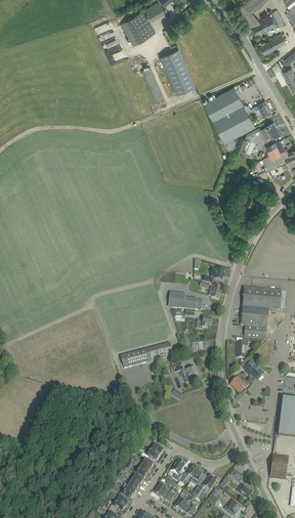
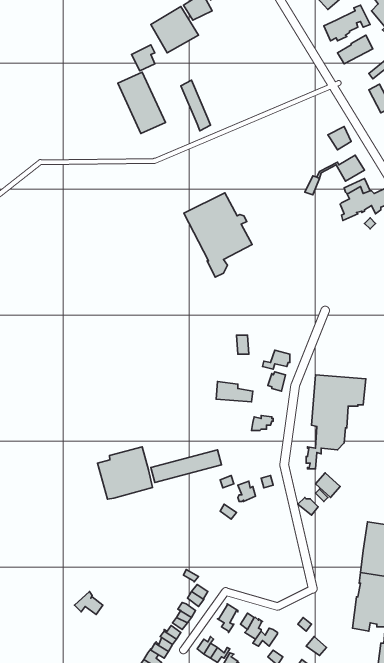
building: [159,48,195,94] -> [118,72,165,133]
building: [203,87,254,150] -> [184,193,252,277]
building: none -> [97,447,153,499]

